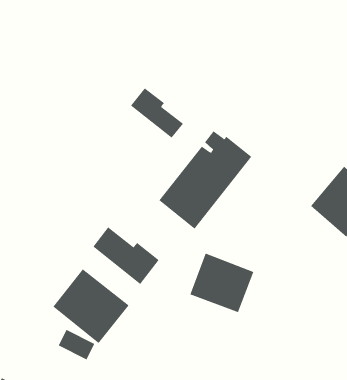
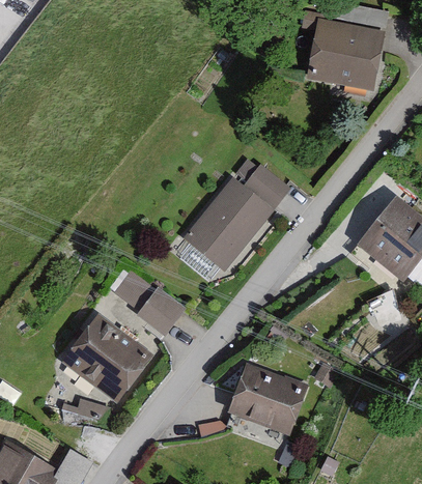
building: none -> [311,19,384,85]
building: [130,87,184,139] -> none
building: [190,253,254,313] -> [230,365,304,433]

